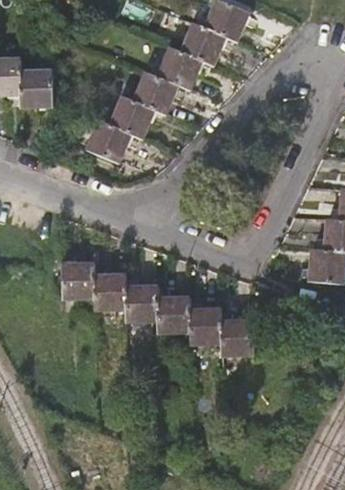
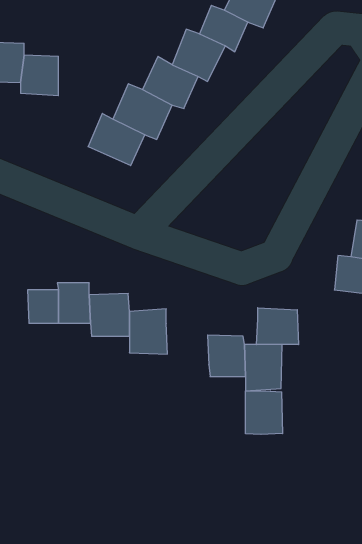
building: none -> [256,308,299,345]
building: [160,298,196,334] -> none
building: none -> [246,391,283,434]

